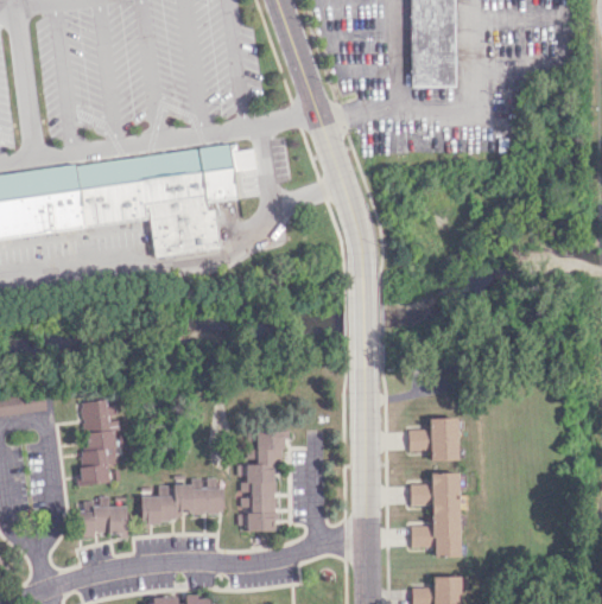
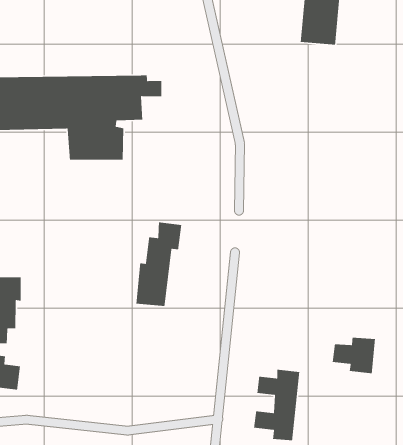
building: [408,418,458,460] -> [332,337,376,374]
building: [239,431,284,532] -> [135,222,182,307]
building: [140,478,223,522] -> none

